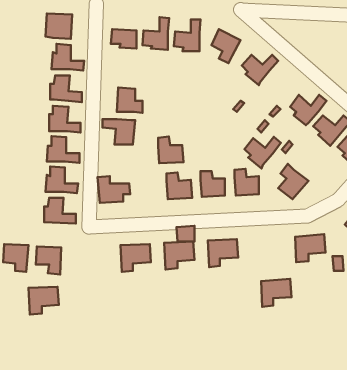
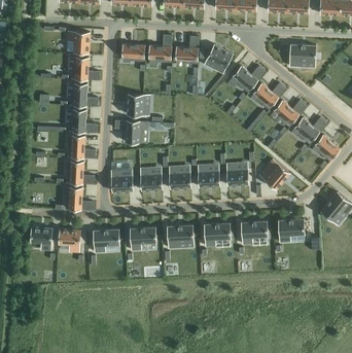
building: none -> [290,44,316,66]
building: [158,137,183,163] -> [141,167,163,189]
building: [245,137,281,168] -> [254,82,285,109]
building: [261,279,291,307] -> [242,220,268,244]
building: [28,287,59,315] -> [94,228,119,252]

